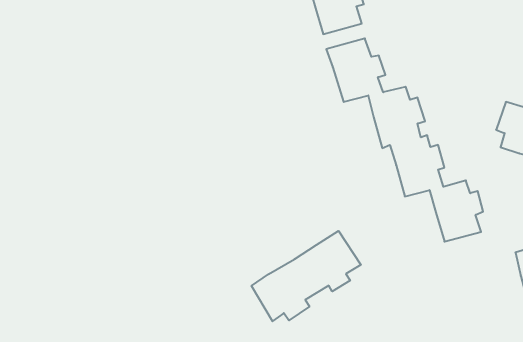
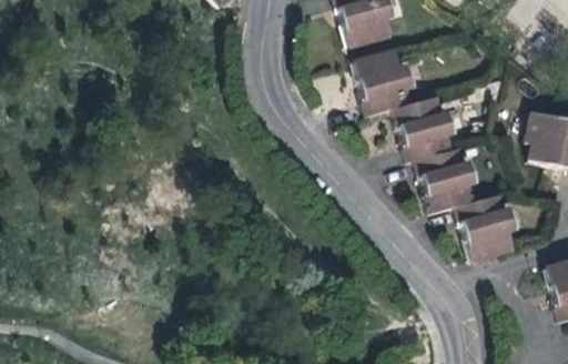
building: [252,231,361,321] -> none

